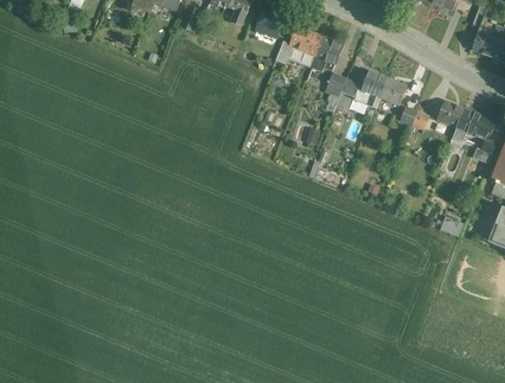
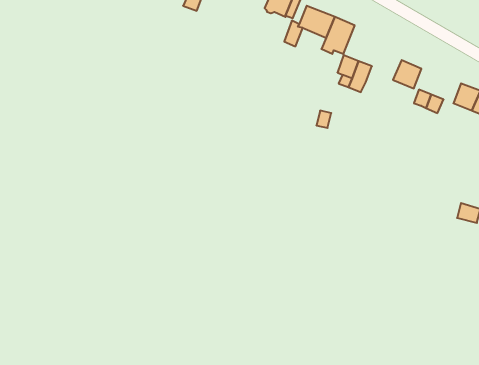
building: [353,71,388,109] -> none

